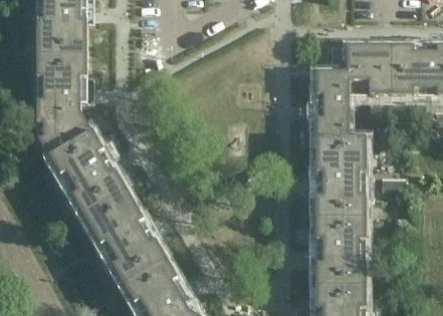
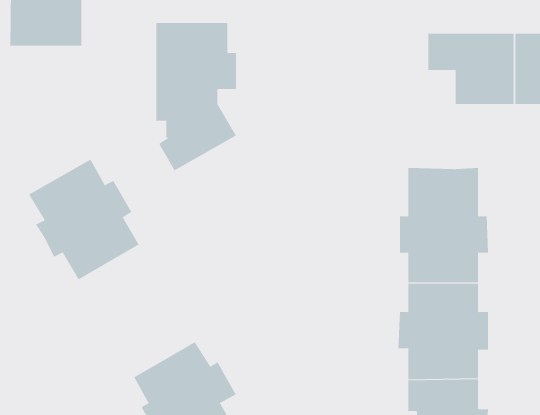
building: [35,54,92,159] -> [155,23,237,171]
building: [309,71,349,140] -> none
building: [83,194,166,287] -> none

